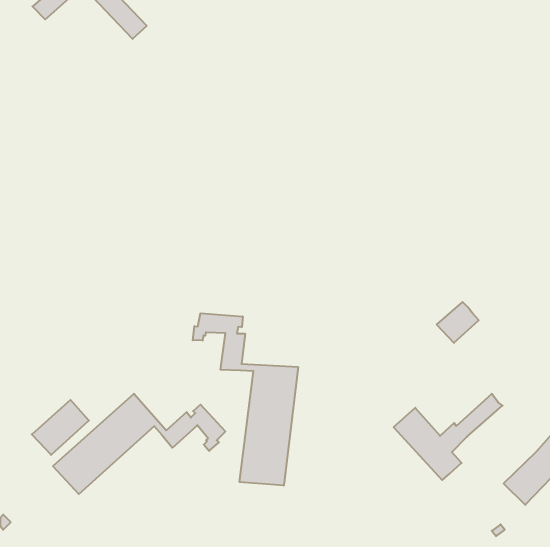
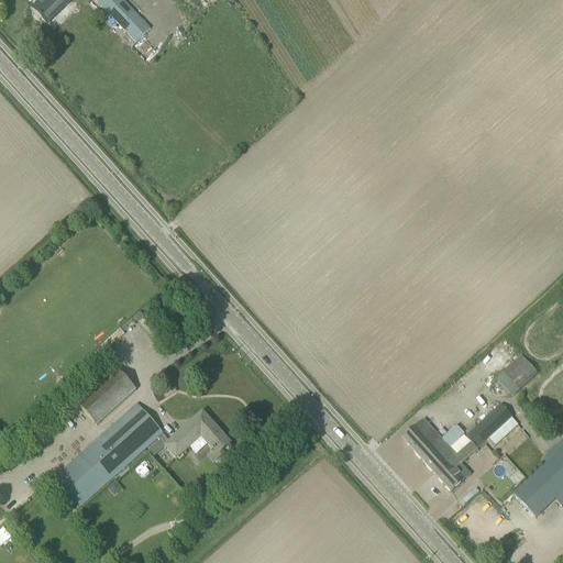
building: [437,302,479,343] -> [496,352,539,394]
building: [193,313,298,486] -> none
building: [32,400,89,455] -> [78,366,136,422]

